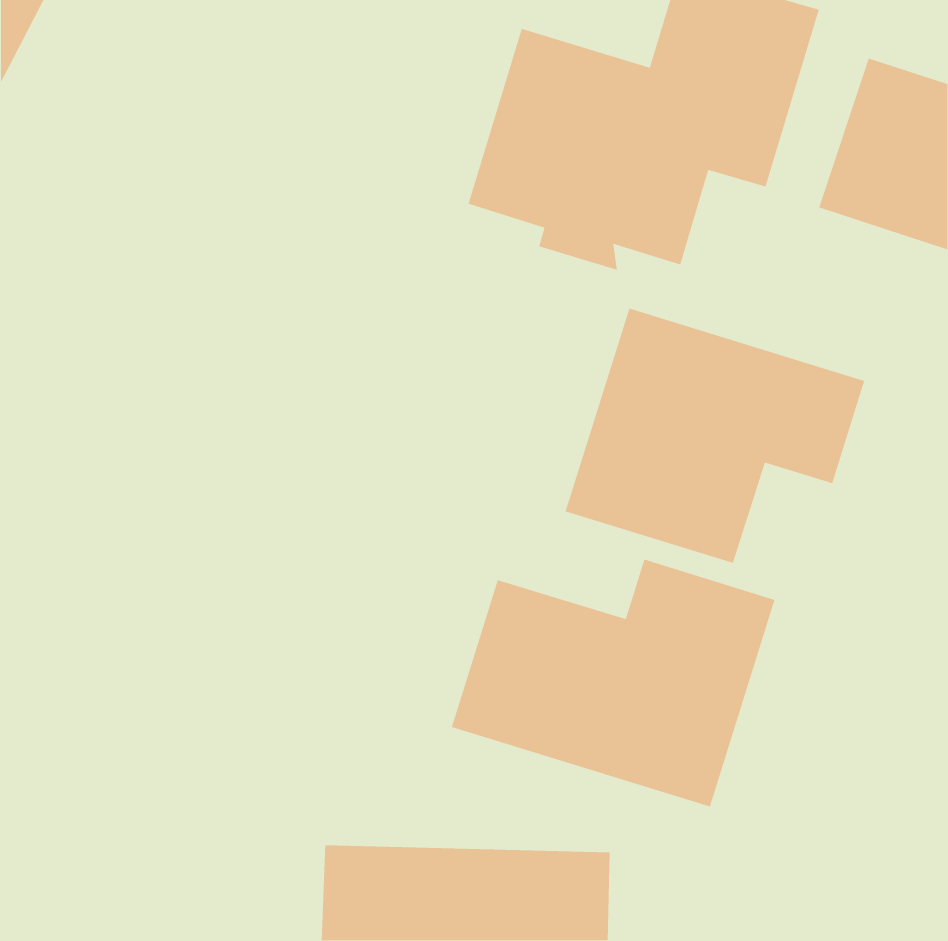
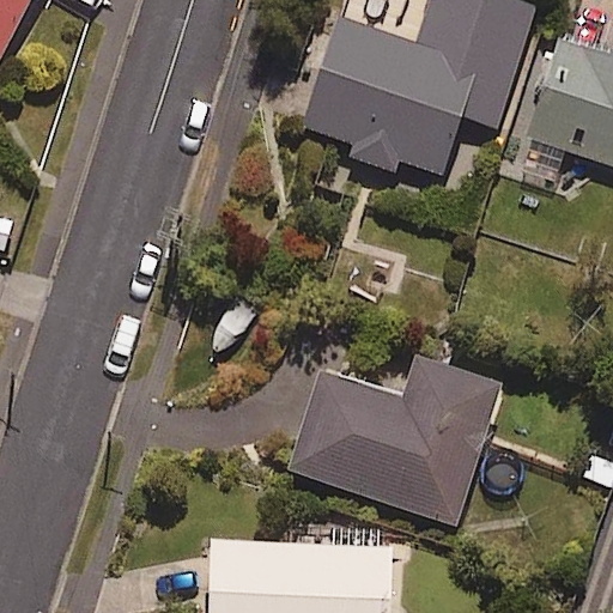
building: [565,308,865,564] -> none

